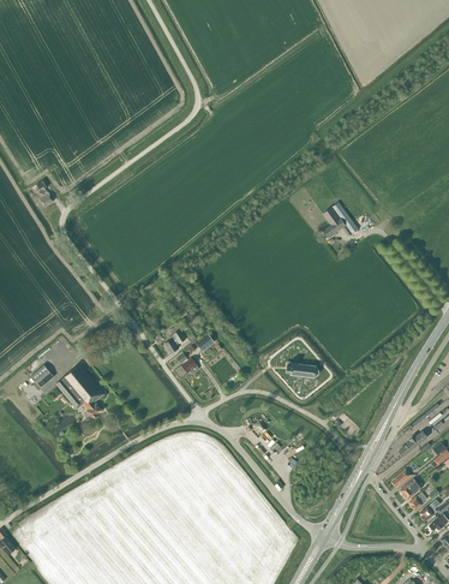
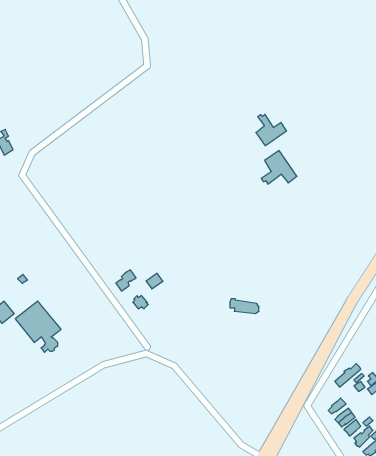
building: none -> [256,114,286,146]

